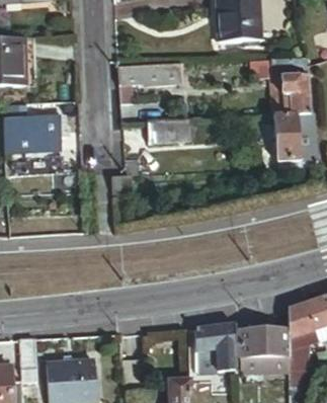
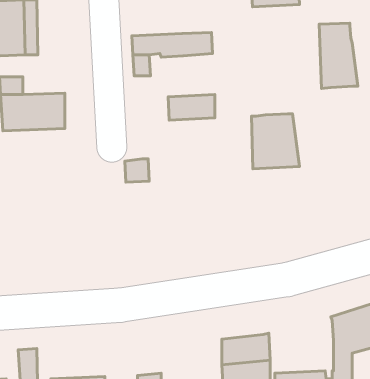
building: [277,110,319,158] -> [252,114,300,169]
building: [240,330,292,358] -> none

